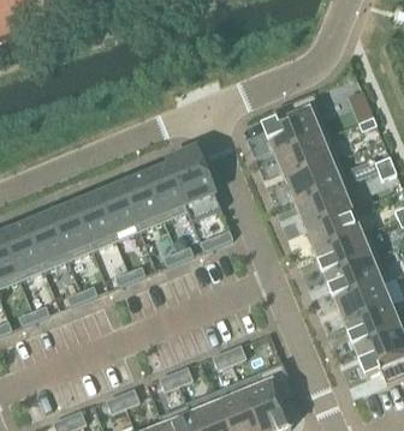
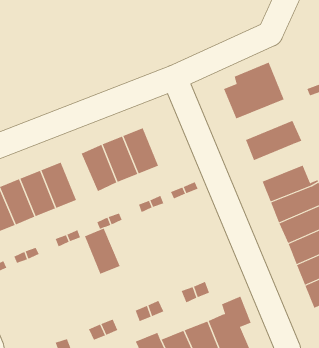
building: [274,134,340,181] -> none
building: [164,148,219,222] -> none
building: [295,186,352,229] -> none
building: [72,197,114,251] -> [84,228,121,275]

